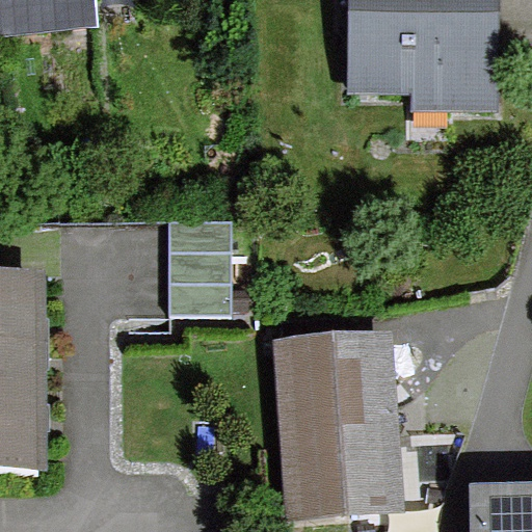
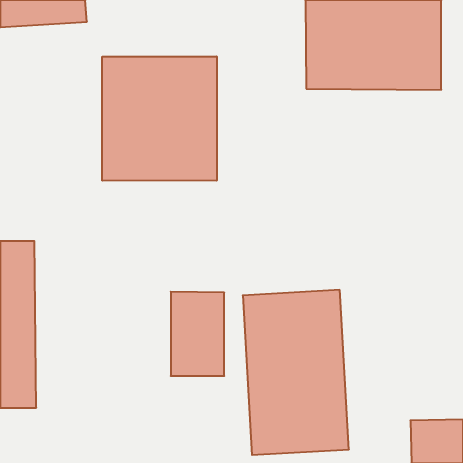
building: none -> [102,56,217,181]
building: [166,221,228,318] -> [171,292,224,376]

